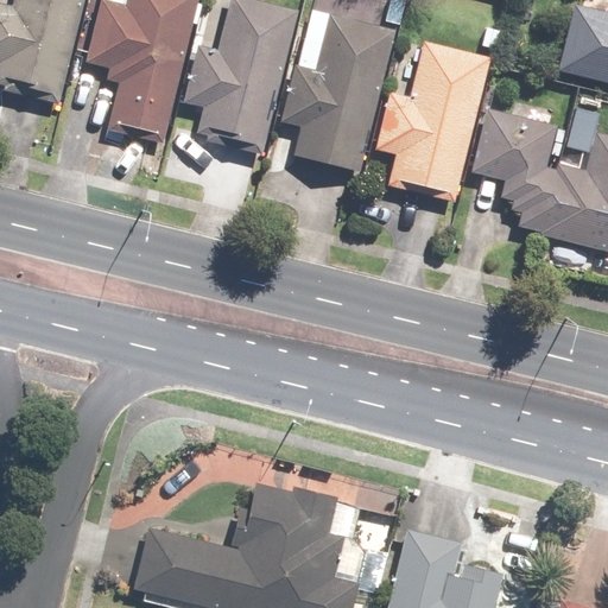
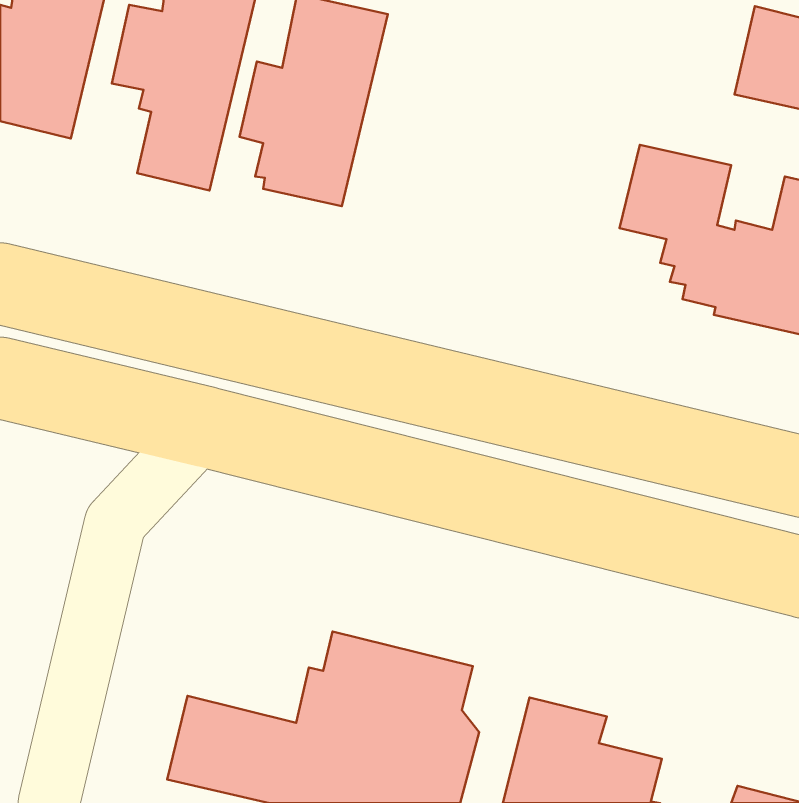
building: [281,14,393,172] -> none
building: [374,42,490,202] -> none

